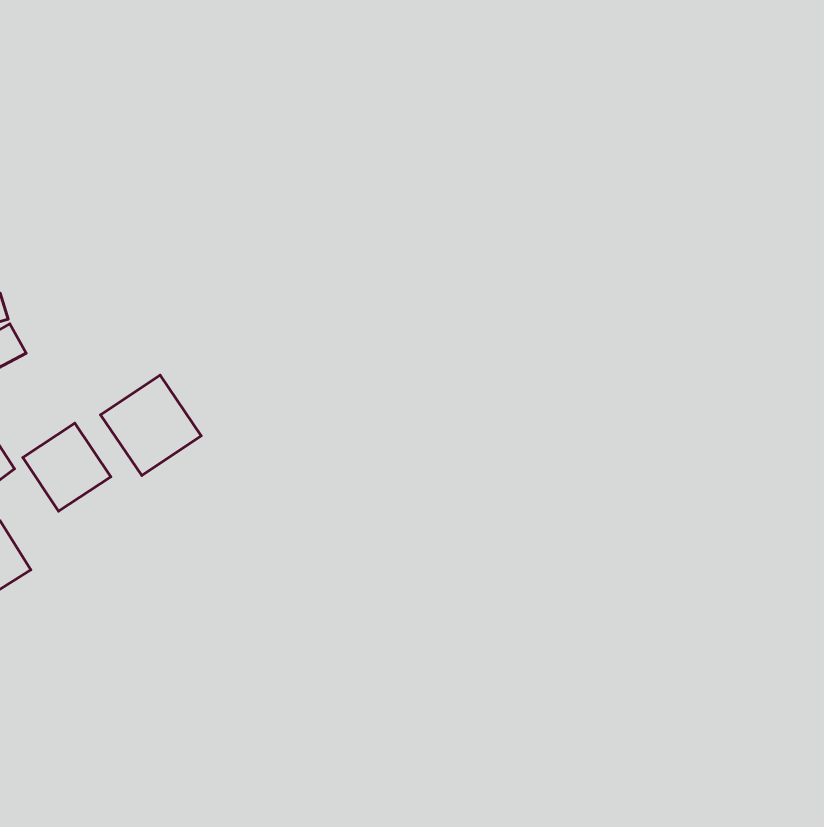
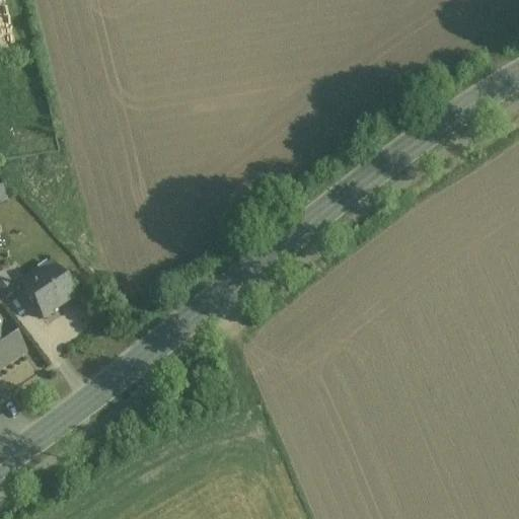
building: [101,375,201,476] -> none

